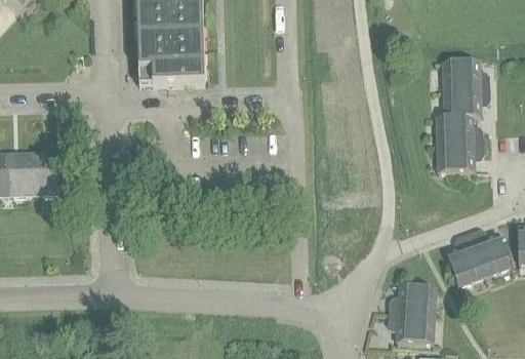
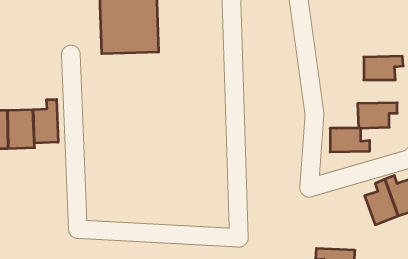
building: [443,61,489,89] -> none
building: [437,116,483,144] -> [330,128,370,152]
building: none -> [33,99,58,143]
building: [389,285,436,315] -> none

